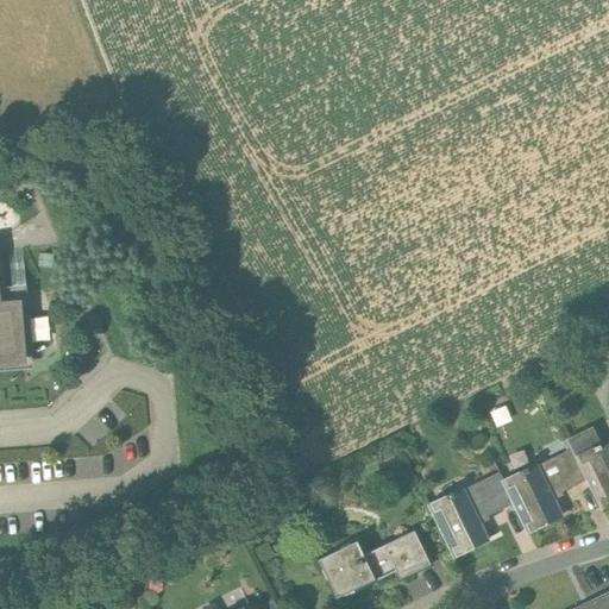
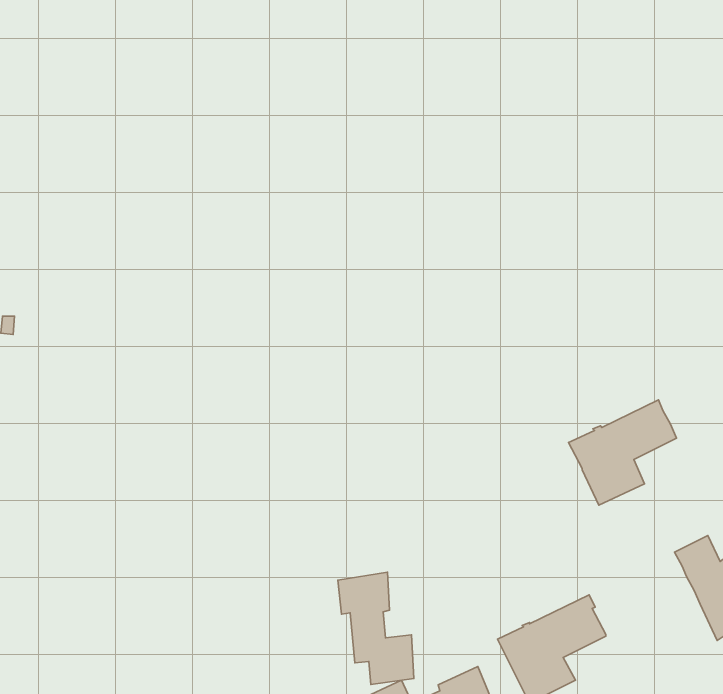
building: [503,450,588,532] -> [568,400,677,505]
building: none -> [338,572,414,685]

